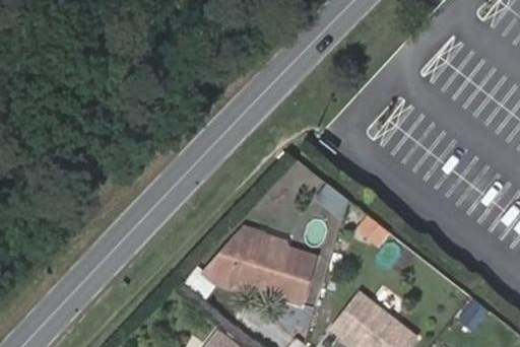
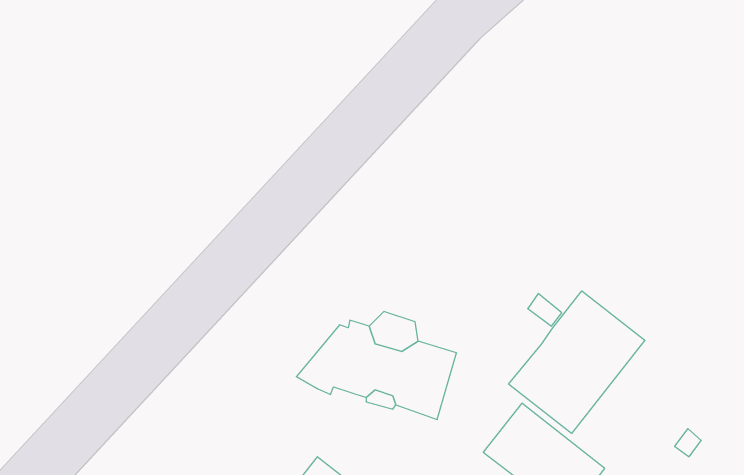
building: none -> [509,291,645,433]

